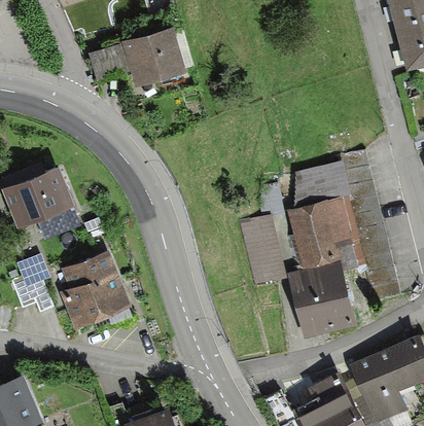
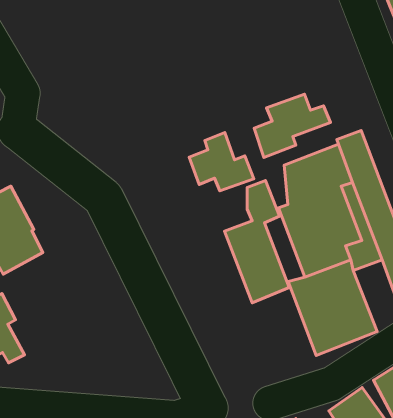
building: [87,24,186,85] -> none
building: none -> [254,94,331,157]
building: none -> [189,133,254,191]
building: [59,249,131,328] -> none

